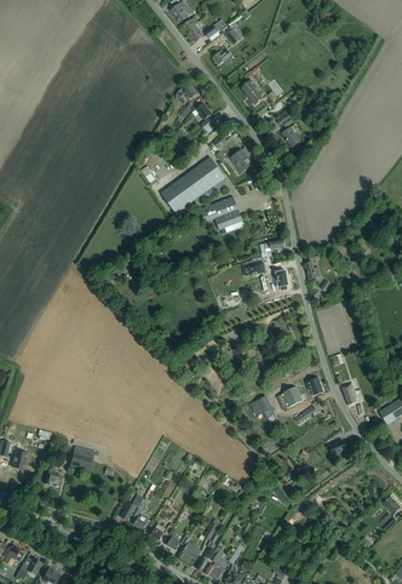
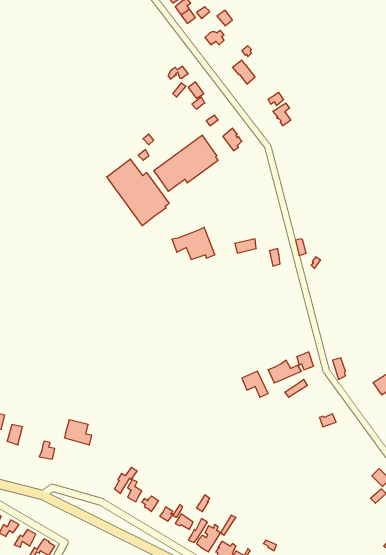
building: none -> [107,159,169,226]
building: [200,196,243,229] -> [172,227,215,259]

